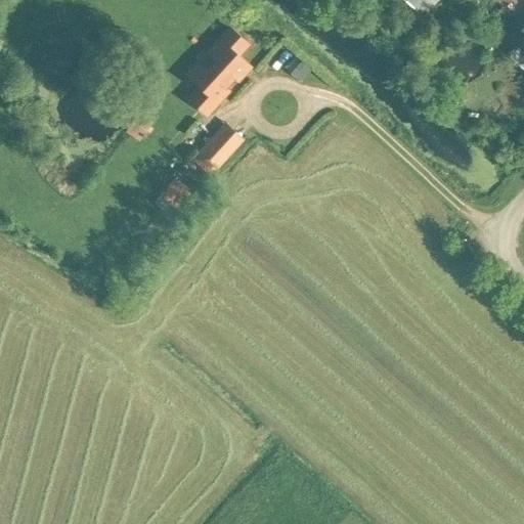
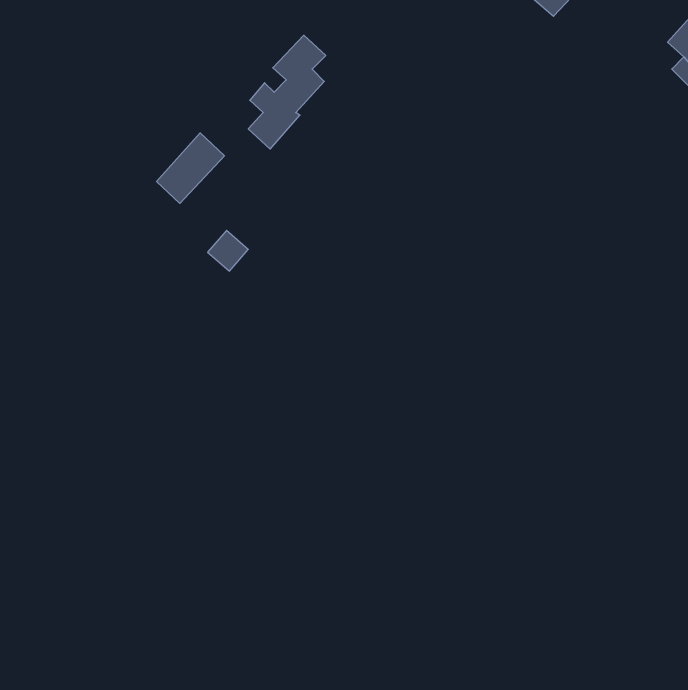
building: [193,123,245,176] -> [157,133,224,203]

